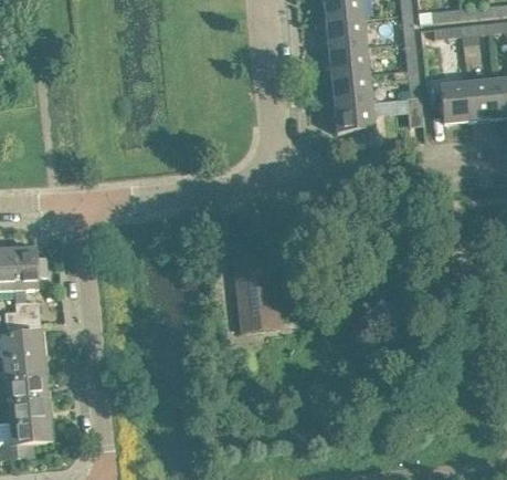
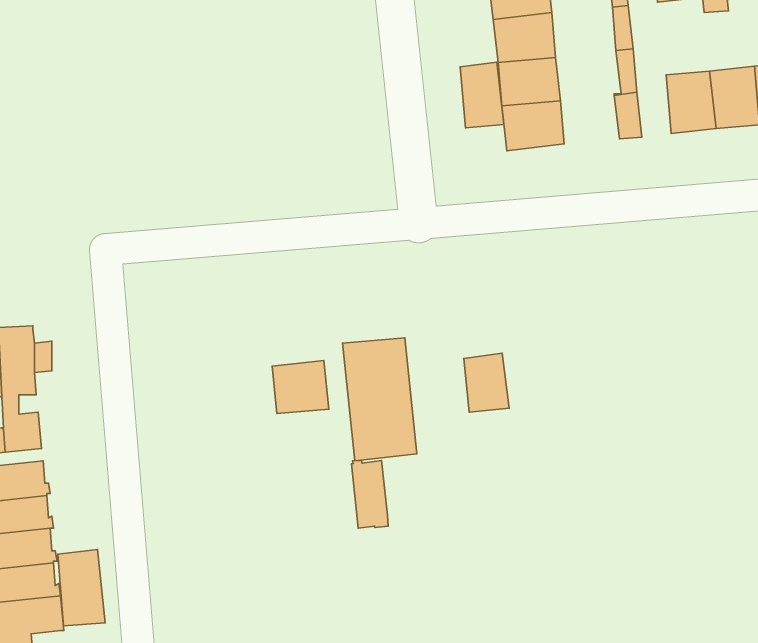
building: none -> [460,62,504,128]
building: none -> [464,353,509,412]
building: none -> [272,360,329,413]
building: none -> [352,460,388,528]
building: none -> [58,550,105,626]

